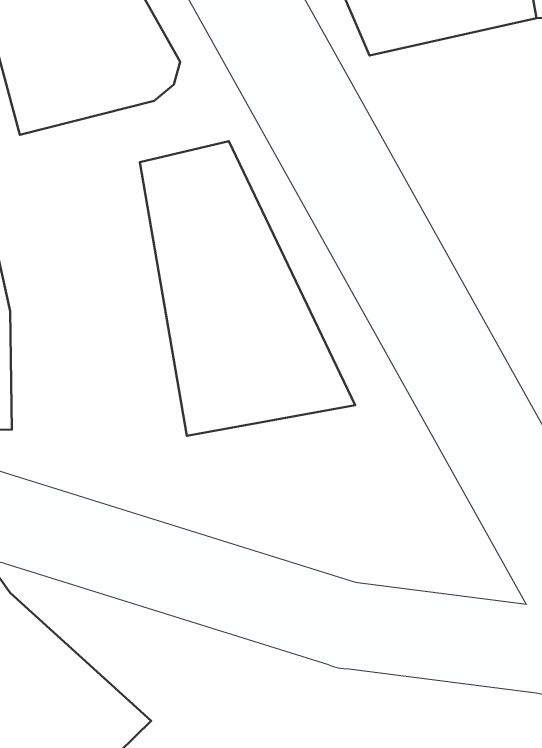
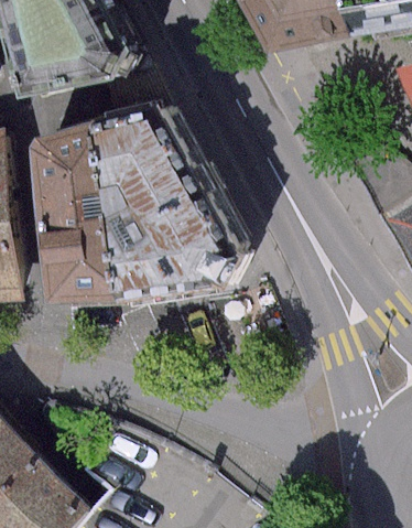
building: none -> [25,112,133,299]

